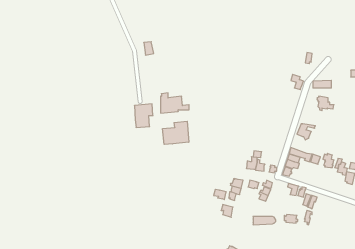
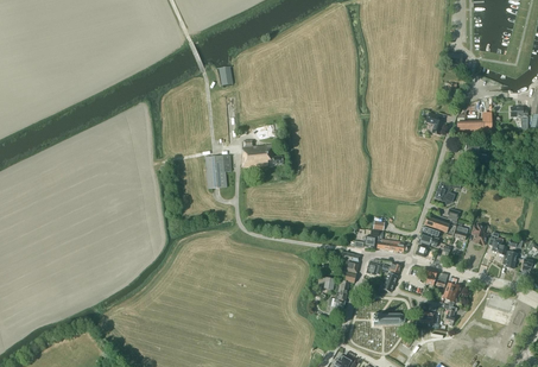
building: [163,121,189,144] -> none

